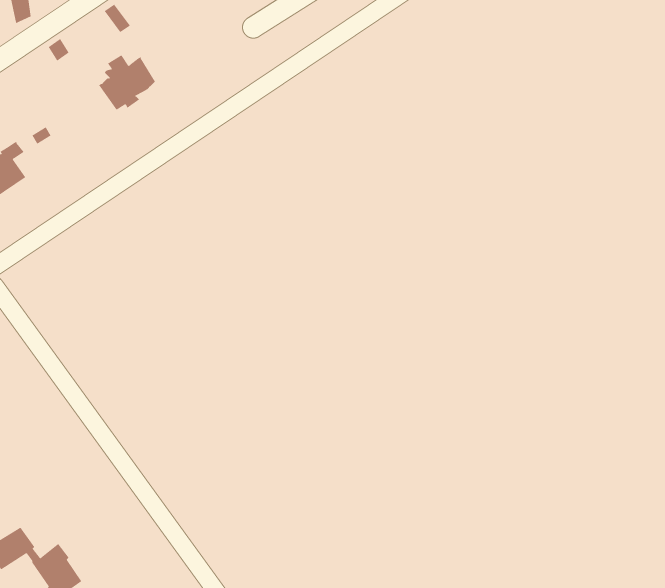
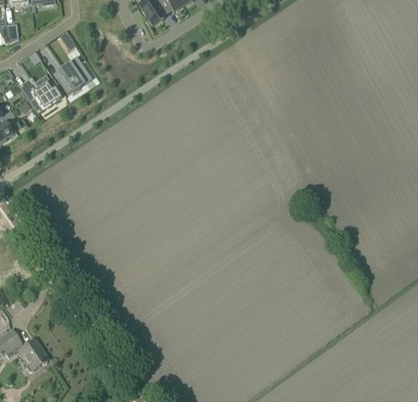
building: none -> [18,80,56,114]

